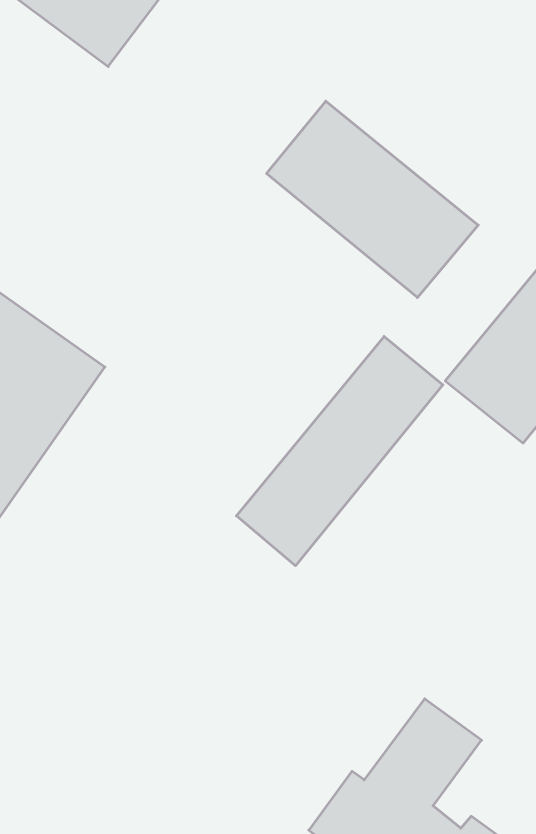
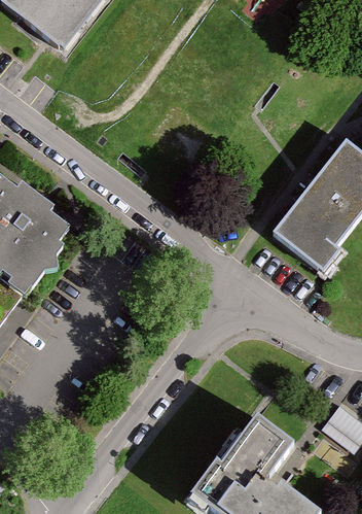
building: [267,101,478,298] -> none
building: [236,336,443,566] -> none

